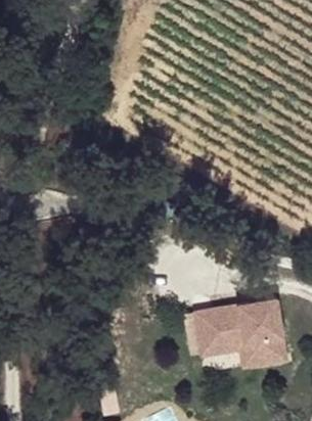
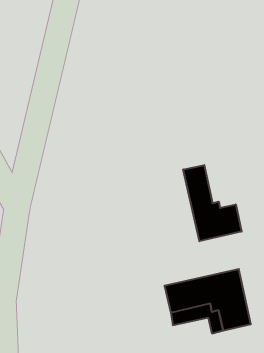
building: none -> [183,165,242,241]

